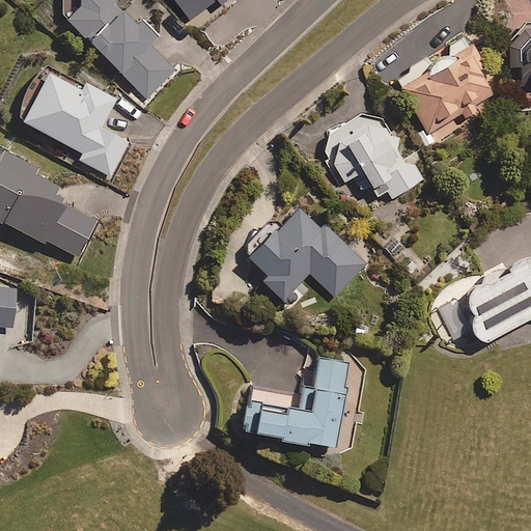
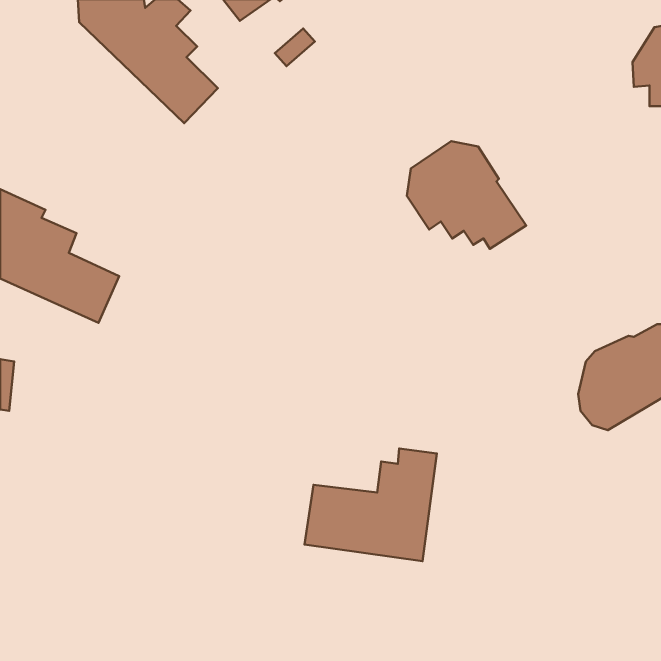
building: [402,47,495,130] -> none
building: [22,66,129,176] -> none
building: [245,204,366,301] -> none

